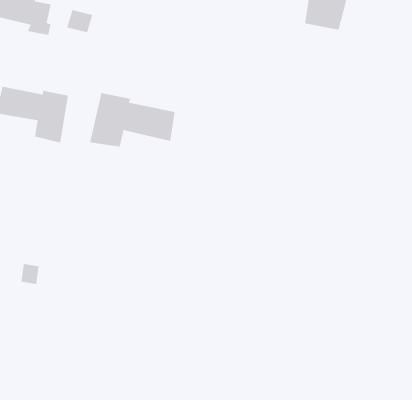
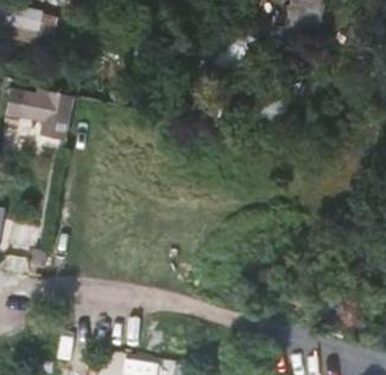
building: [89,92,176,147] -> none

